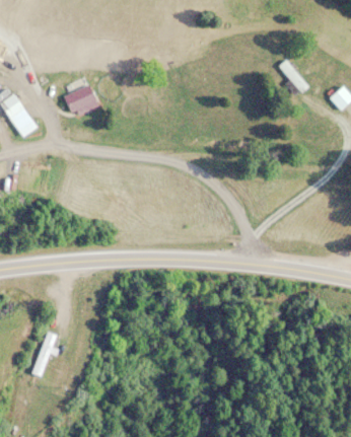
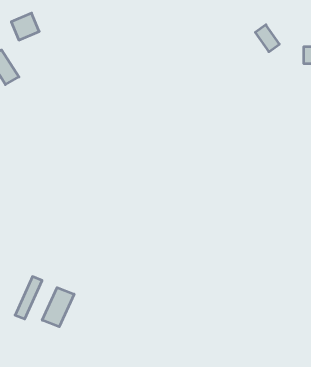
building: [68,85,97,114] -> [11,13,39,40]
building: none -> [42,288,74,327]

